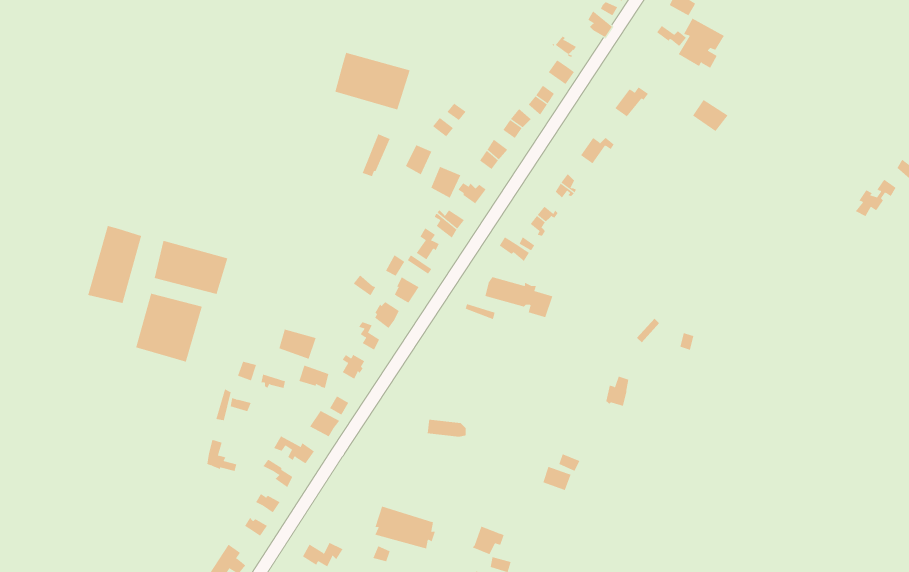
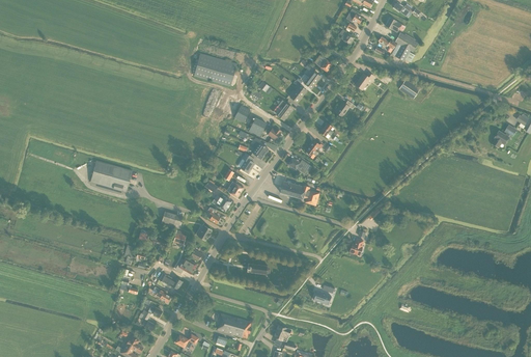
building: [88,225,142,304] -> none
building: [136,293,202,362] -> none

